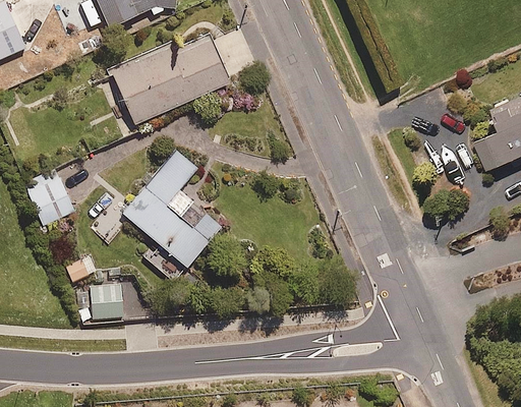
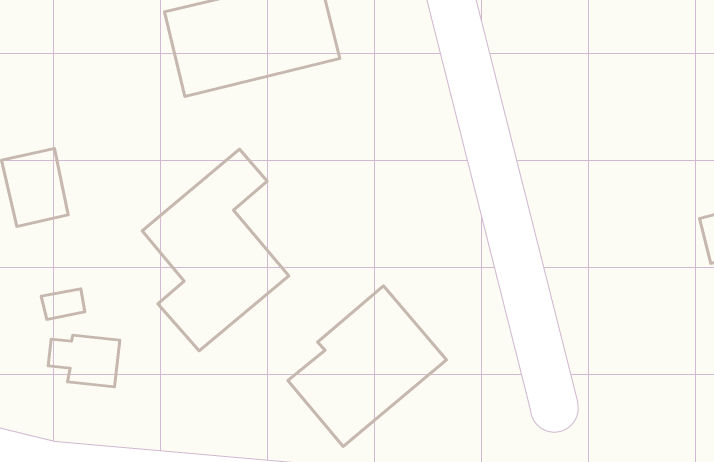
building: none -> [288,286,447,447]

